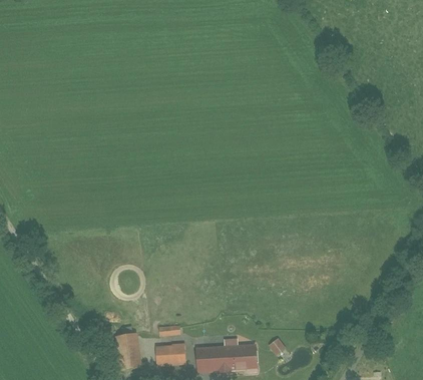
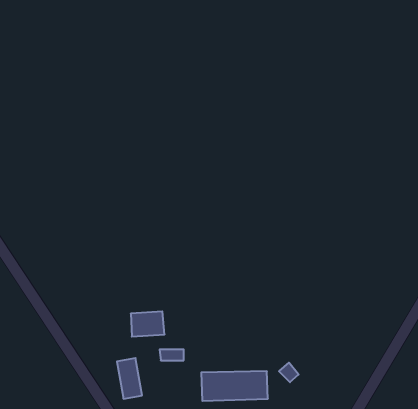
building: [155,342,186,365] -> [131,311,165,337]

